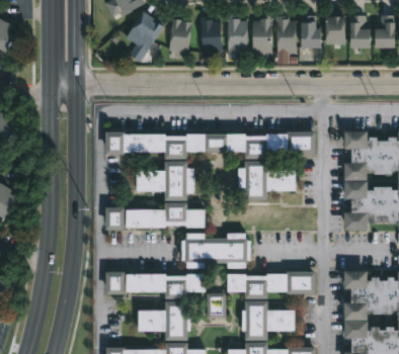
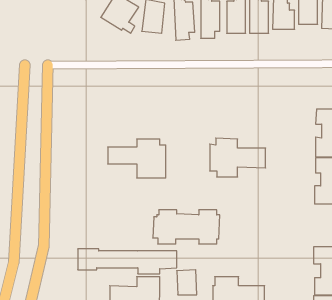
building: [103,130,314,158] -> none
building: [103,201,204,231] -> none
building: [226,271,313,298] -> none

